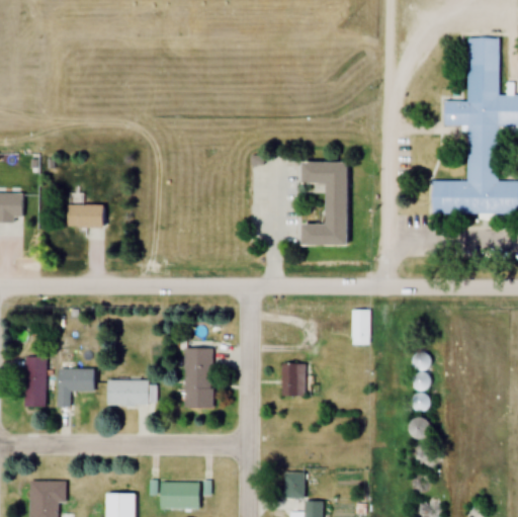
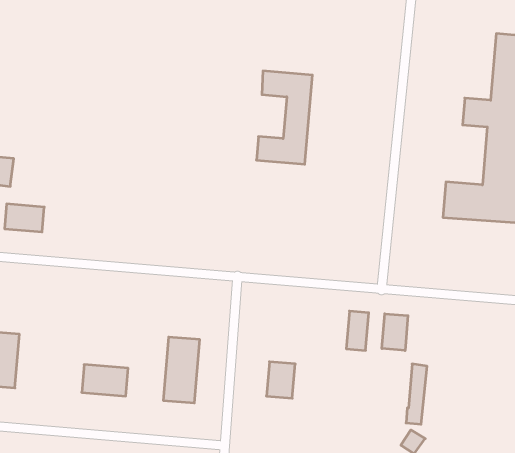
building: [305,163,351,247] -> [256,71,312,164]
building: [71,204,106,228] -> [5,204,44,232]
building: none -> [382,314,408,351]
building: [58,369,94,408] -> none

